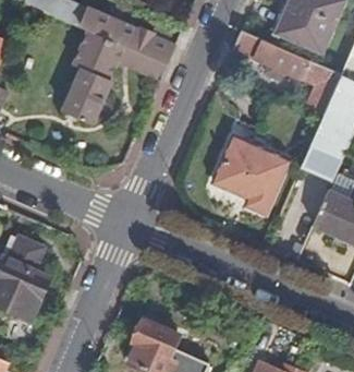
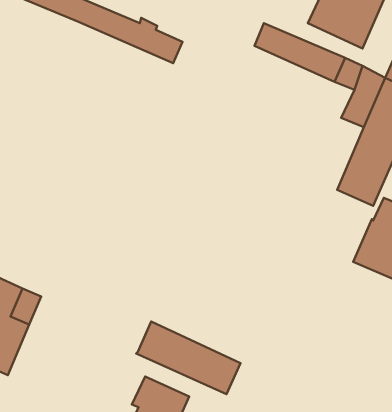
building: [63,31,167,123] -> none
building: [213,137,288,215] -> none
building: none -> [136,321,240,394]

